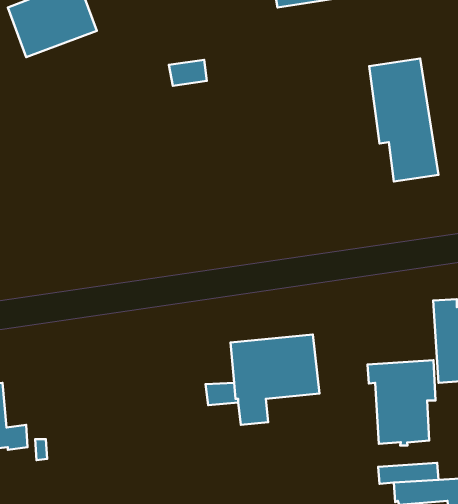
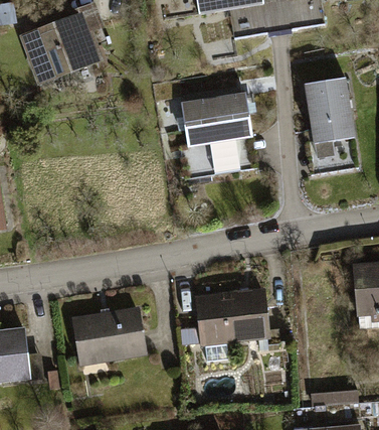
building: none -> [180,93,252,178]
building: none -> [75,309,144,356]
building: [367,360,436,446] -> none

